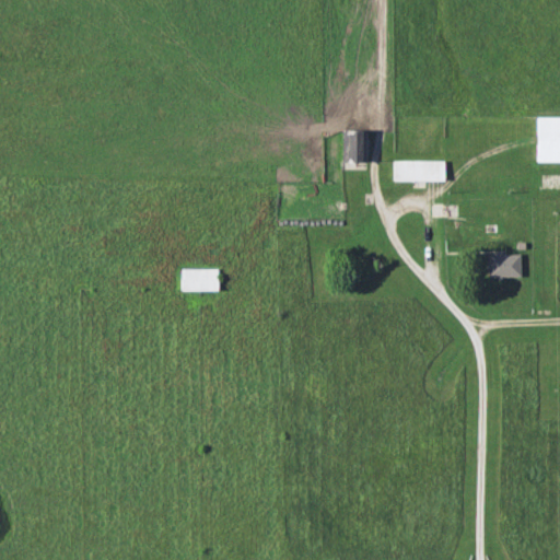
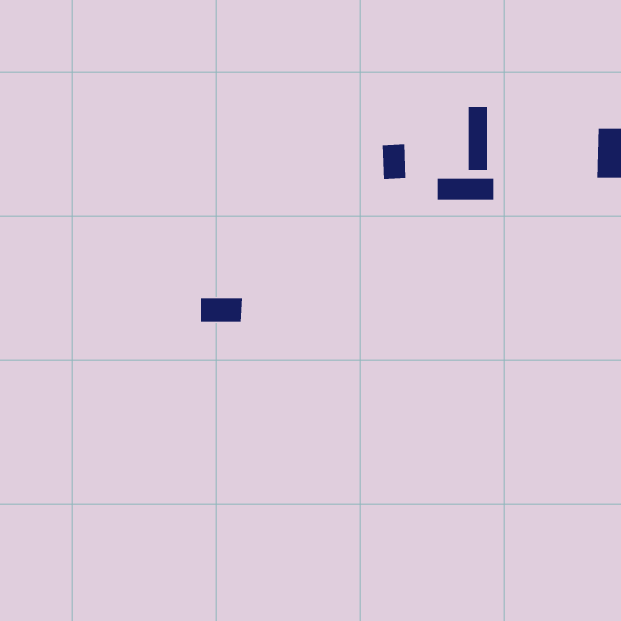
building: none -> [468,106,487,171]
building: [489,255,522,278] -> none

